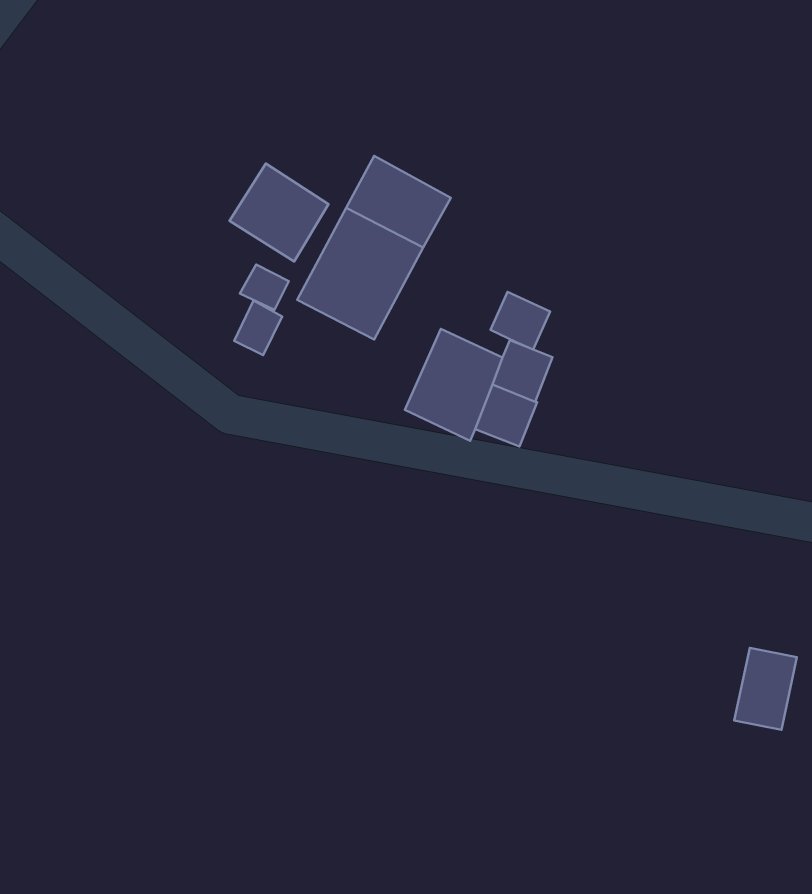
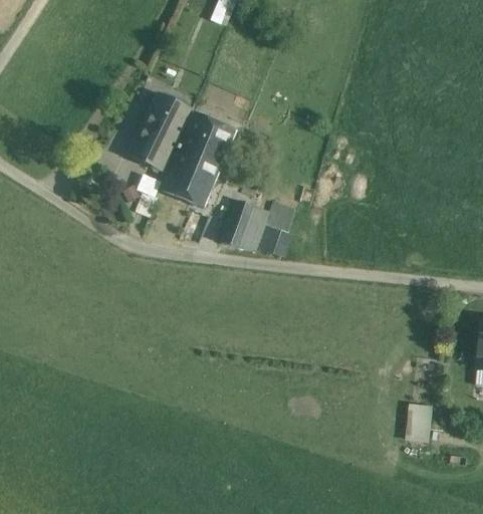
building: none -> [143,91,192,140]
building: [490,292,550,350] -> none
building: [734,648,797,730] -> [404,401,433,441]

